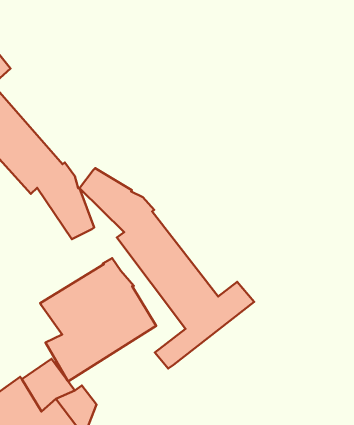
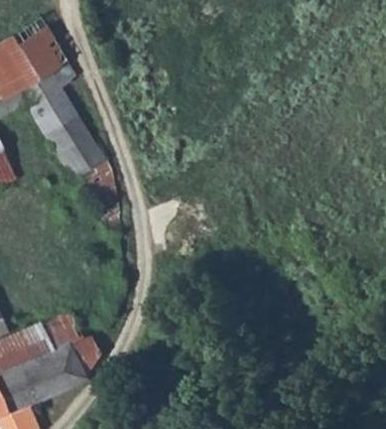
building: [80,168,254,368] -> none
building: [40,258,156,381] -> none

